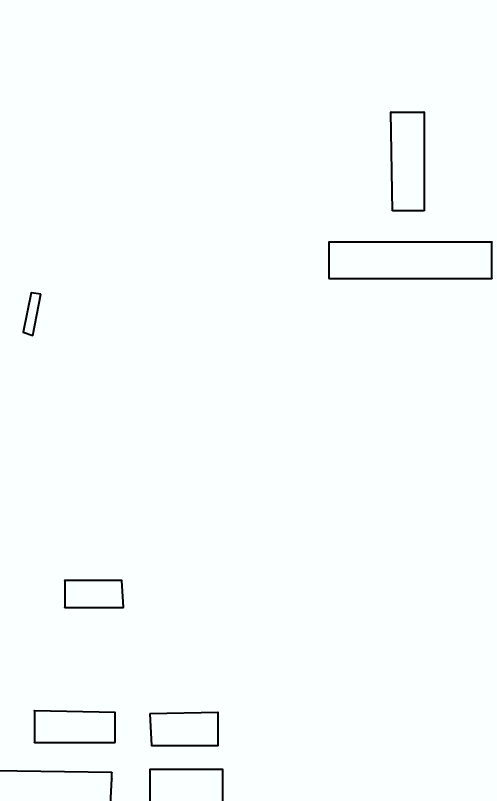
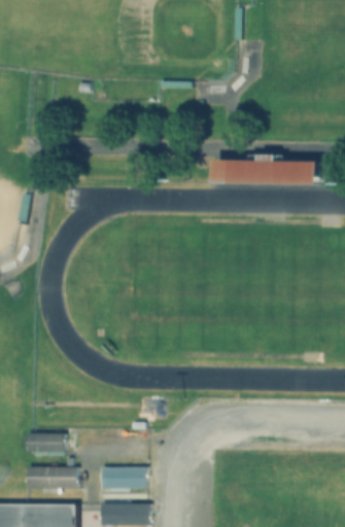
building: [391,112,424,211] -> none
building: [65,580,123,607] -> [28,434,66,452]

